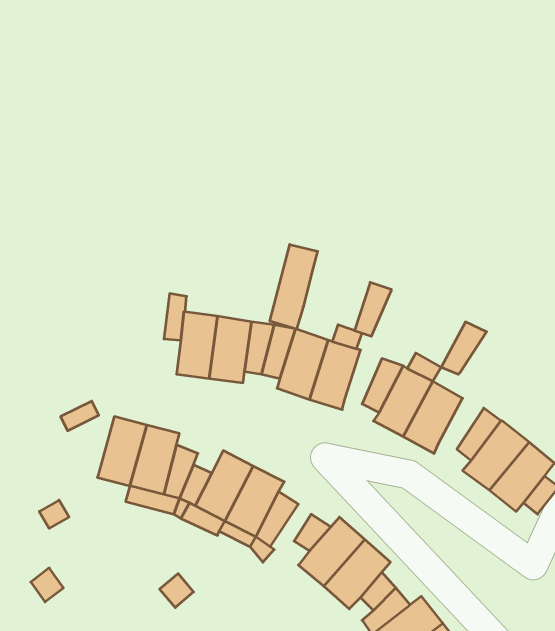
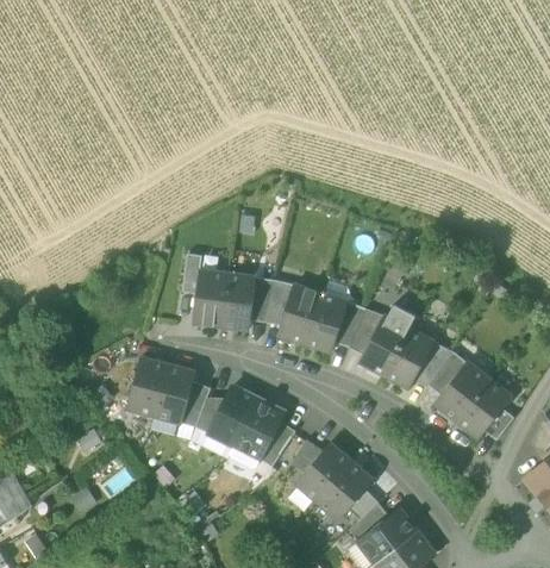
building: [270,244,318,329] -> none
building: [354,282,391,336] -> [335,301,365,347]
building: [441,322,487,374] -> [413,342,451,386]

